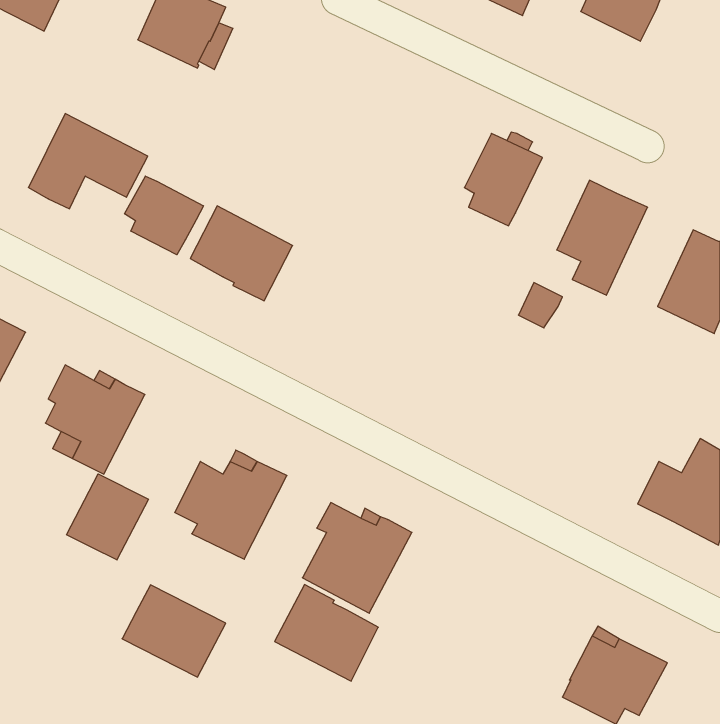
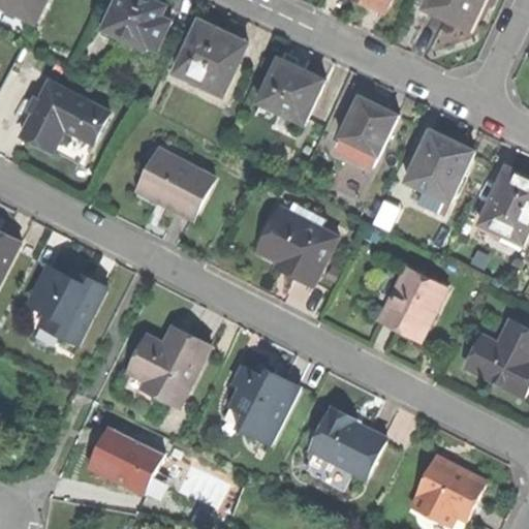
building: none -> [174,22,245,95]
building: none -> [252,59,321,125]
building: [125,176,203,255] -> none
building: none -> [258,209,336,283]
building: none -> [377,267,446,342]
building: [67,474,148,560] -> none
building: [275,585,378,681] -> [309,408,384,478]

